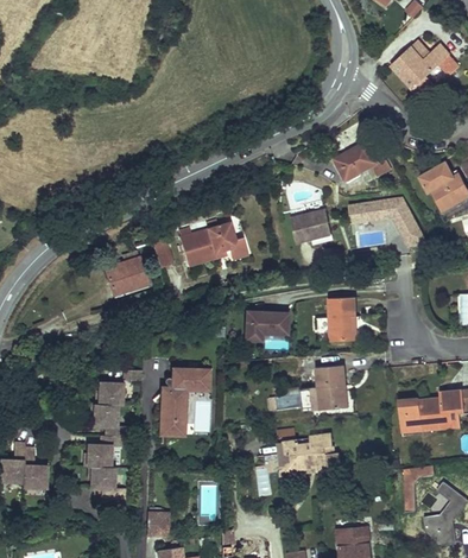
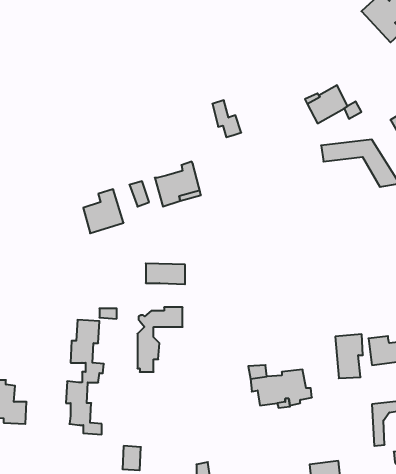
building: [291,210,331,243] -> none
building: [217,218,247,256] -> [212,100,241,137]
building: [329,297,354,341] -> none
building: [247,312,287,334] -> [146,263,185,284]
building: [316,364,344,410] -> [335,334,363,378]

